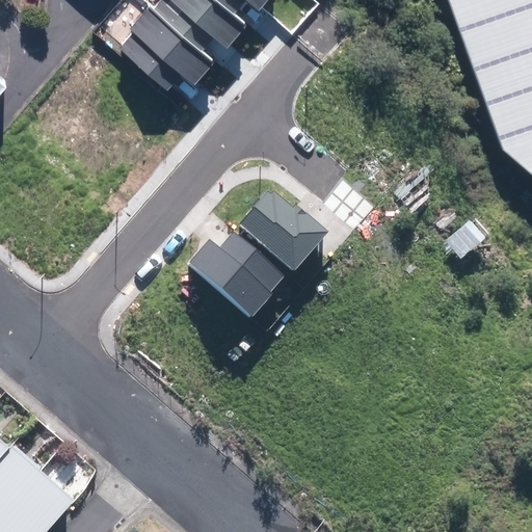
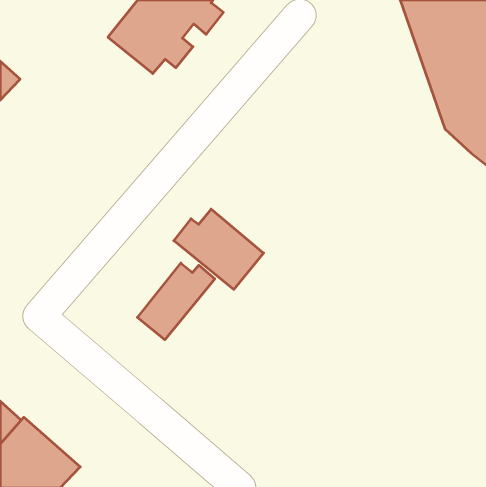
building: [238,186,324,269] -> none
building: none -> [137,263,215,340]

